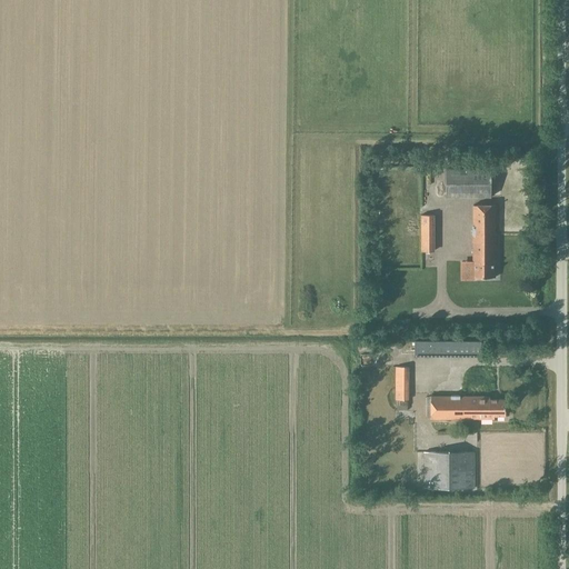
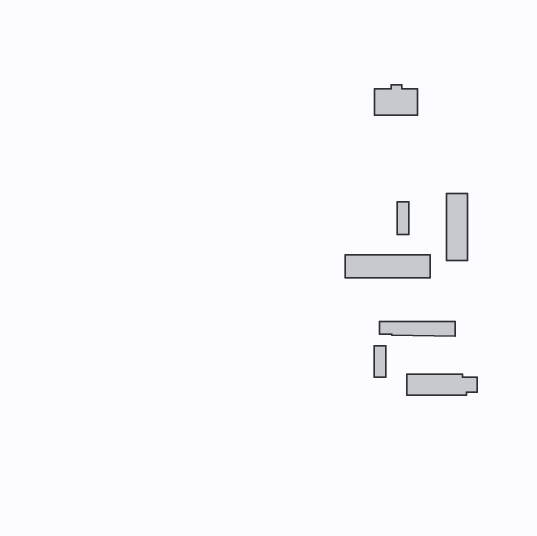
building: [446,163,491,196] -> [374,85,417,115]
building: none -> [345,255,430,278]
building: [423,451,473,486] -> none

